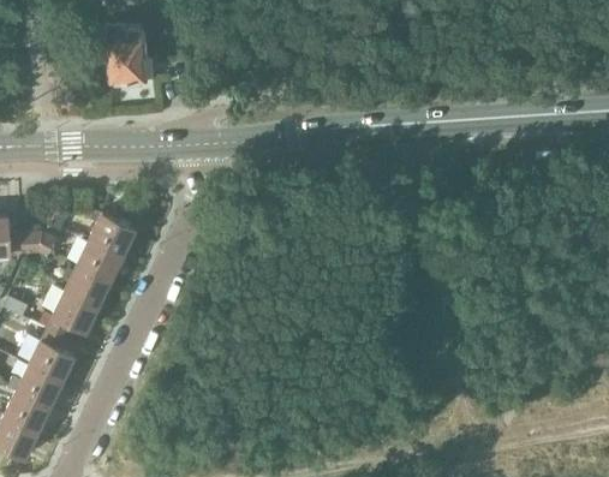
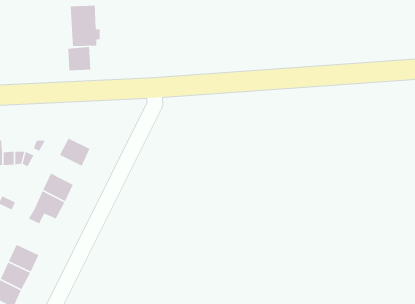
building: none -> [67,46,91,71]
building: [77,240,123,282] -> none
building: [28,332,73,383] -> none

